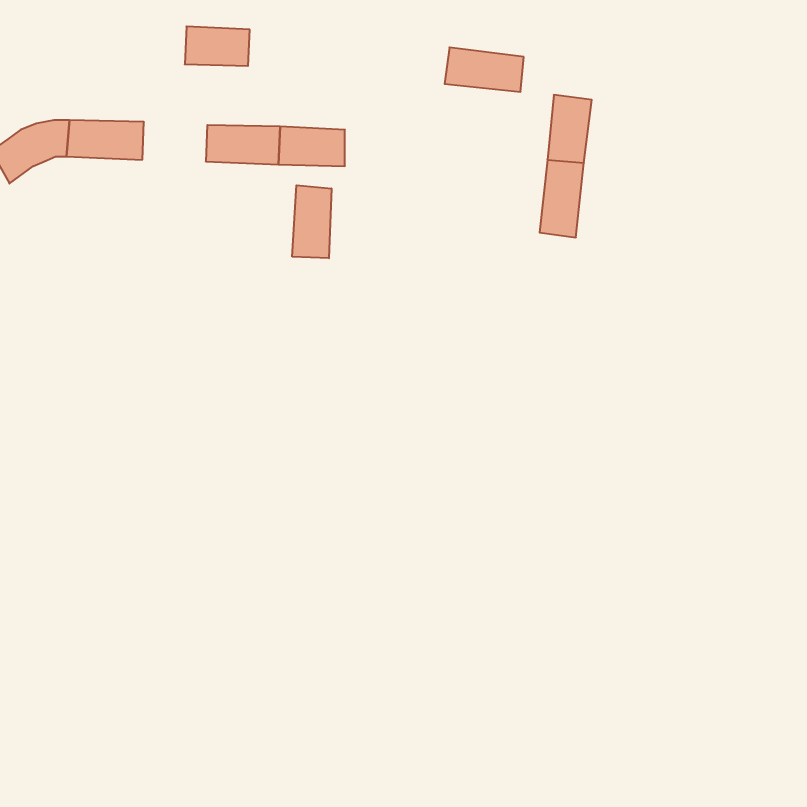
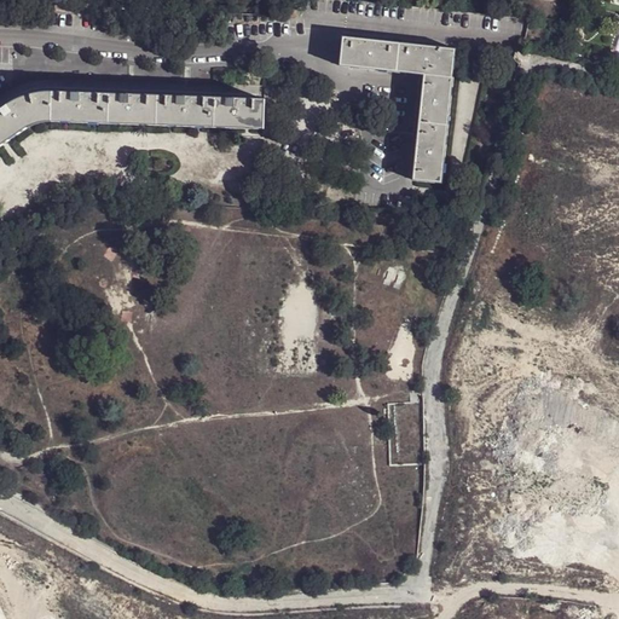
building: [185,26,250,66] -> [109,93,158,123]
building: none -> [398,44,455,76]
building: [292,185,331,258] -> none

